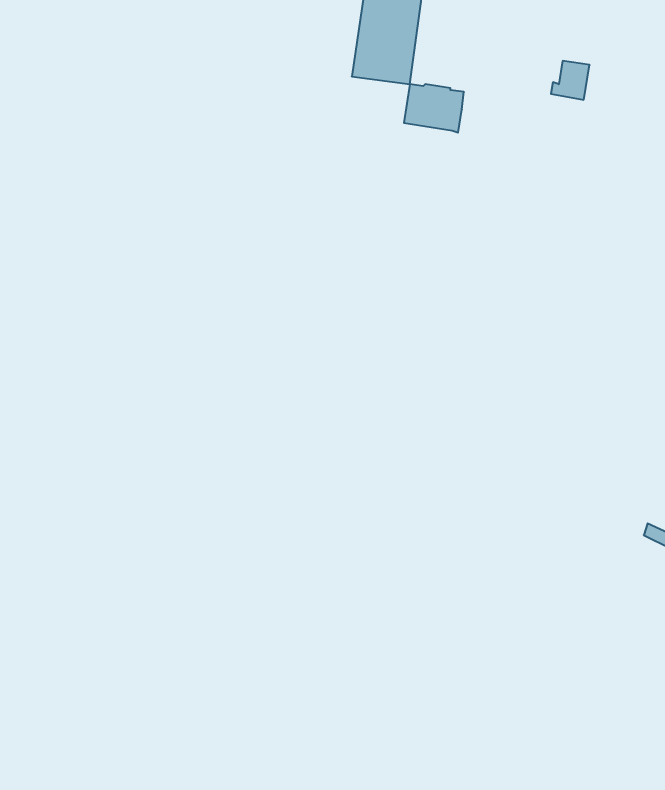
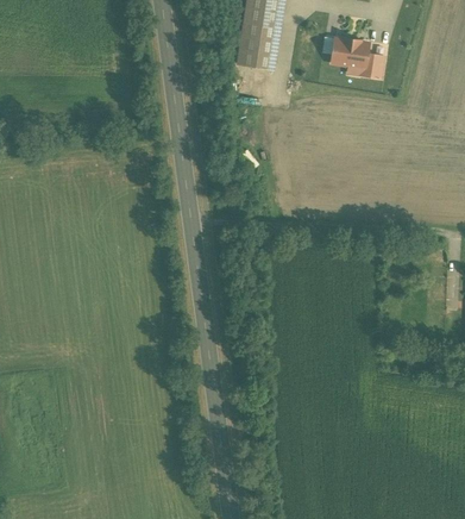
building: [404,84,464,133] -> [325,37,362,67]

